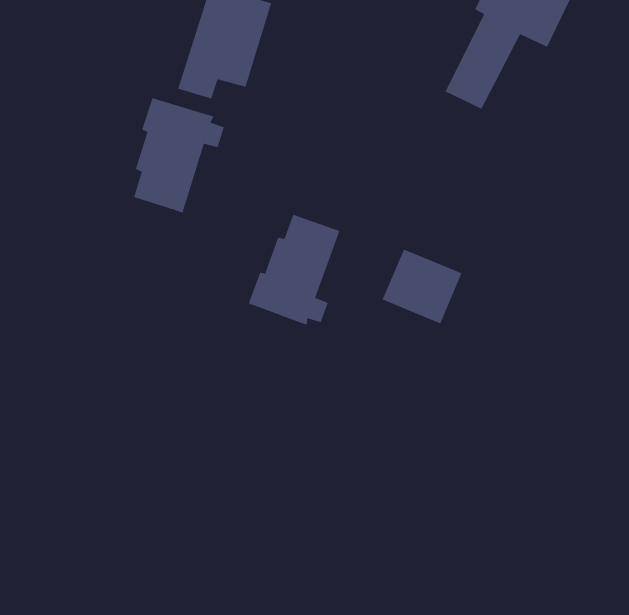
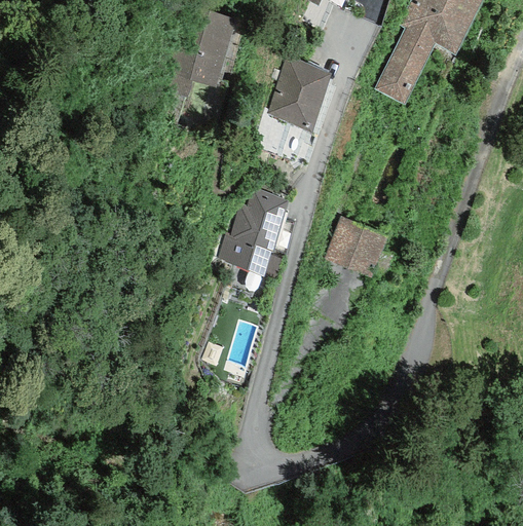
building: none -> [267,53,332,134]
building: [133,97,225,214] -> none

